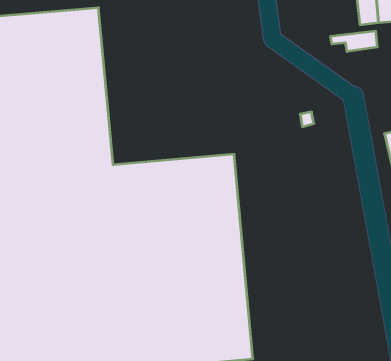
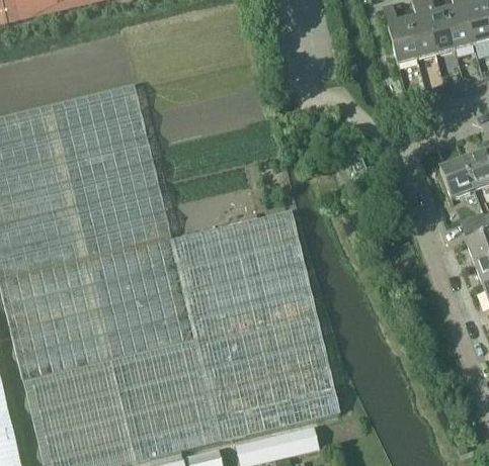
building: [331,31,377,52] -> none

